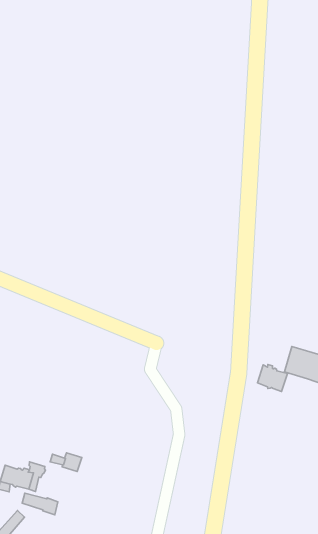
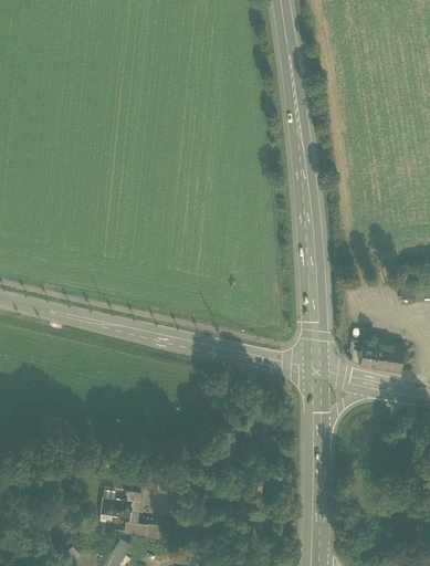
building: [257,365,288,391] -> none

